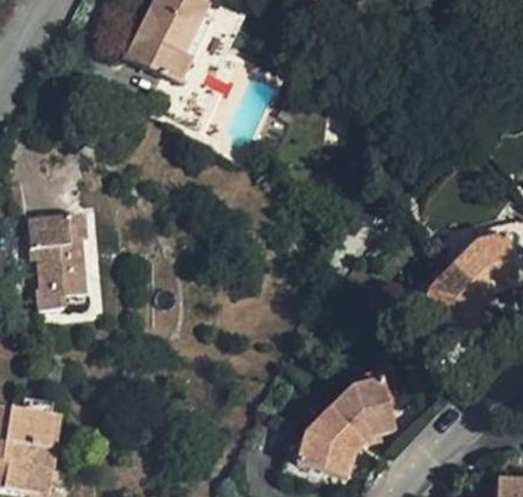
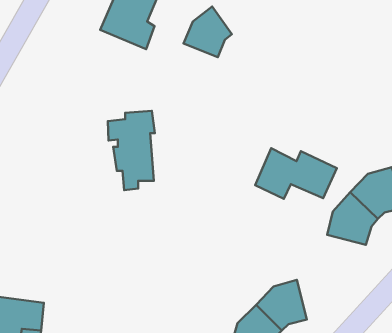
building: none -> [183,7,232,57]
building: [19,203,79,305] -> [108,111,155,190]
building: none -> [255,148,337,199]

